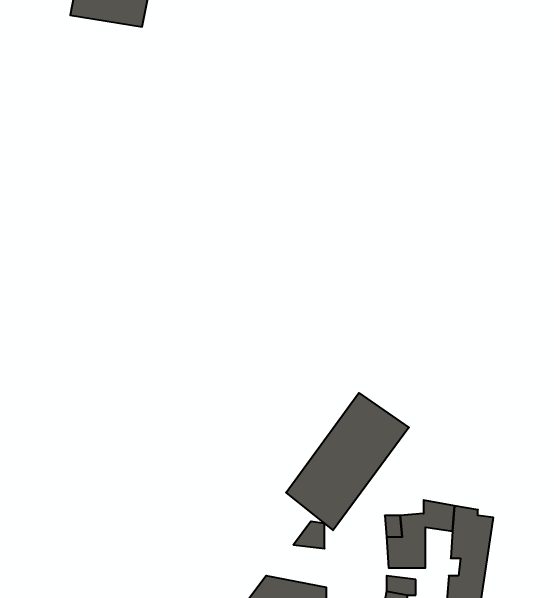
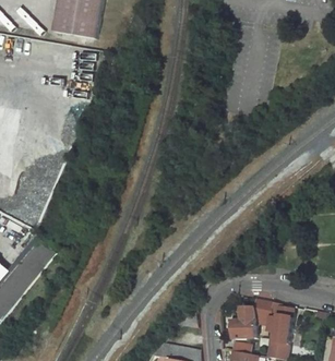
building: [286,393,409,530] -> none

